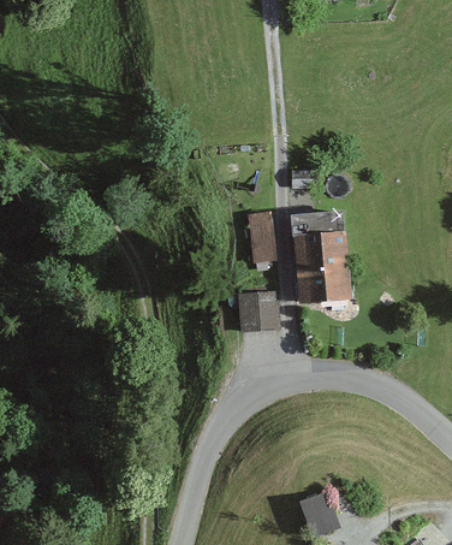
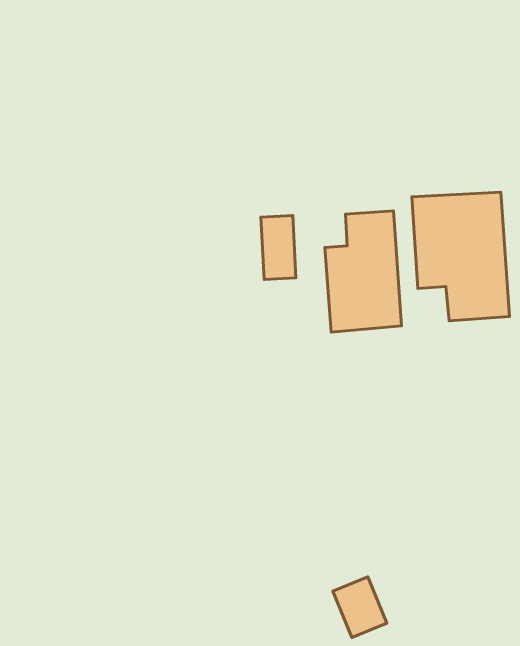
building: none -> [412,192,510,321]
building: [236,292,275,333] -> none

